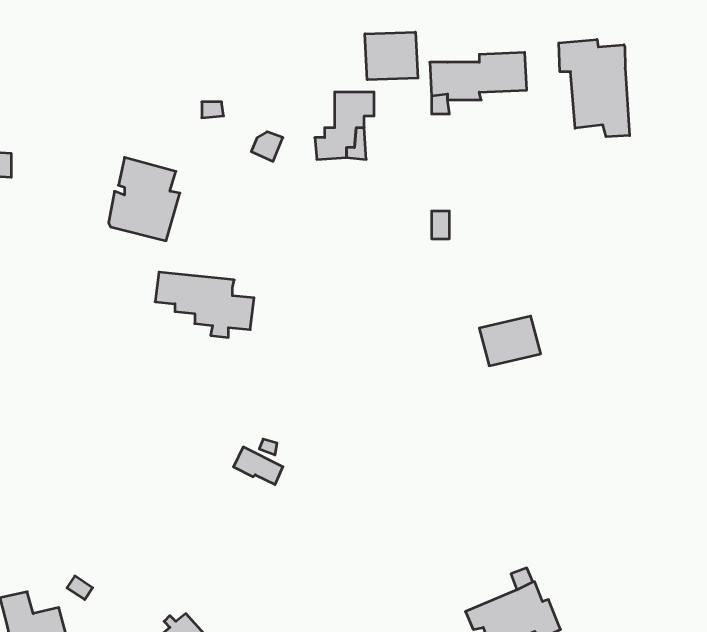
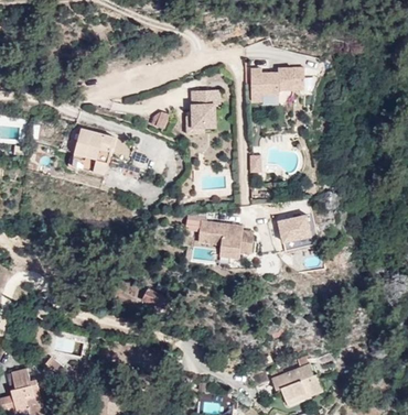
building: [365,32,418,80] -> none
building: [559,39,630,137] -> none
building: [155,272,254,337] -> [197,221,253,258]

